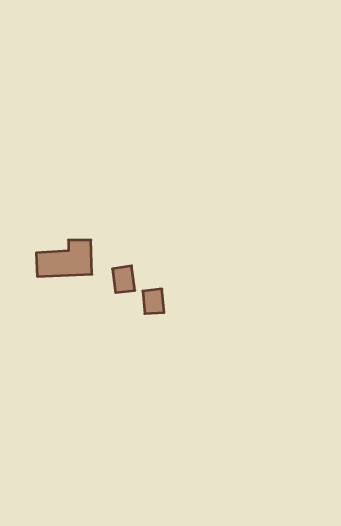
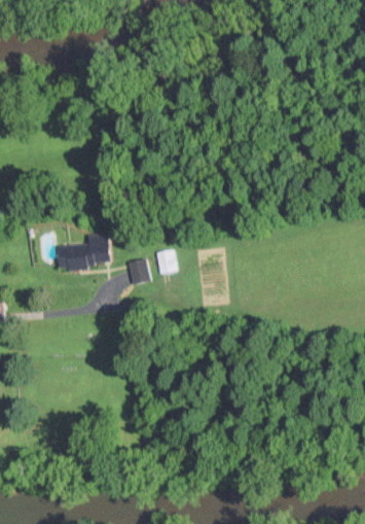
building: [143,289,164,314] -> [156,249,177,273]

